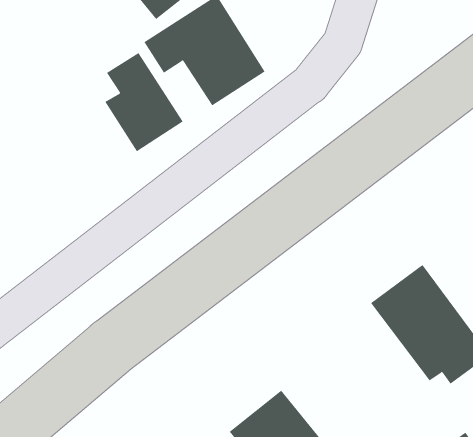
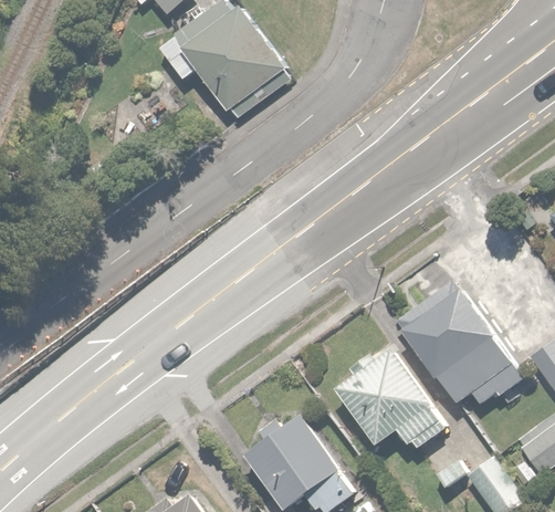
building: [104,52,183,152] -> none
building: none -> [335,344,454,453]

